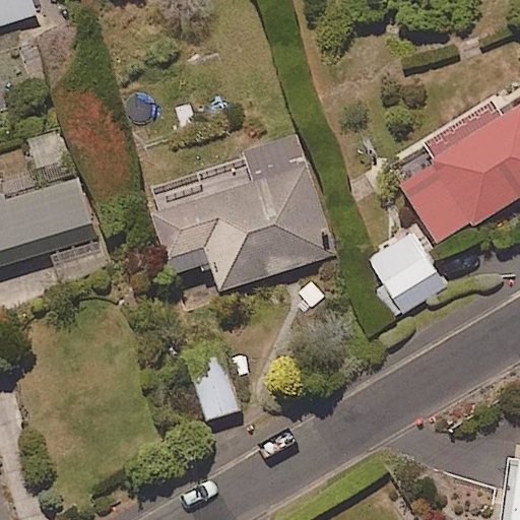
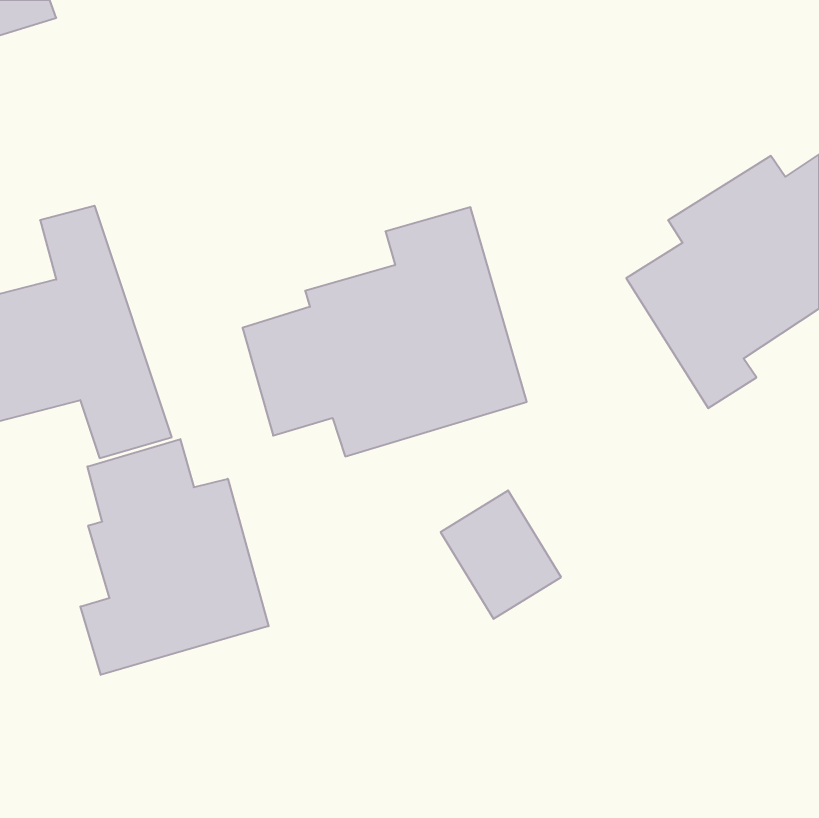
building: [370,233,446,314] -> [441,490,561,619]
building: none -> [80,439,269,675]

